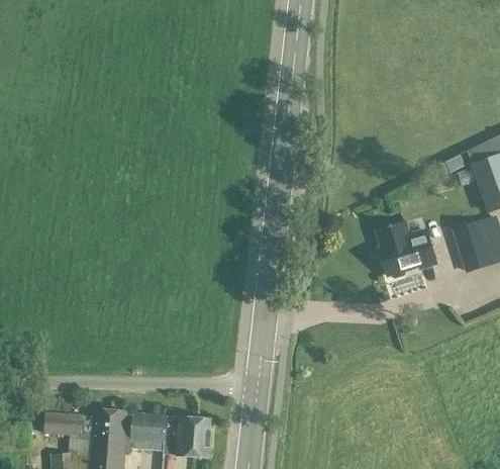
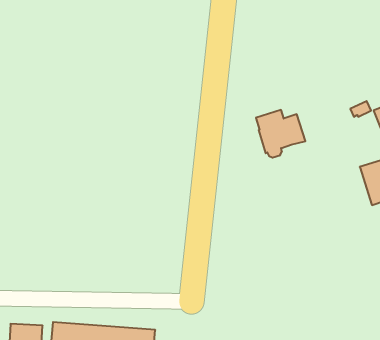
building: [378,222,435,278] -> [256,110,305,158]

